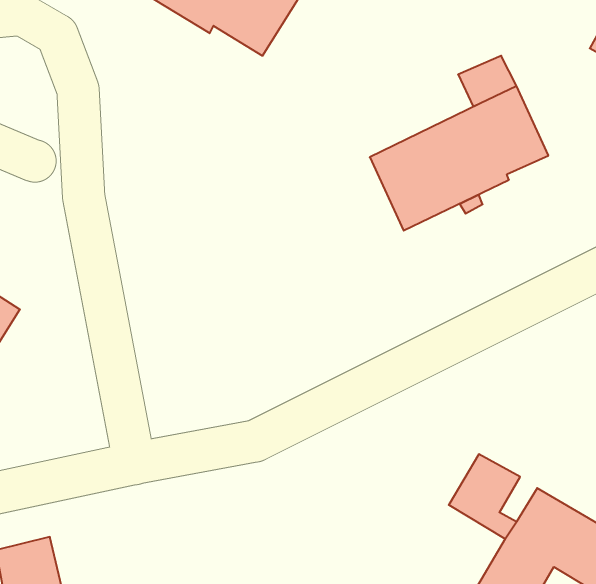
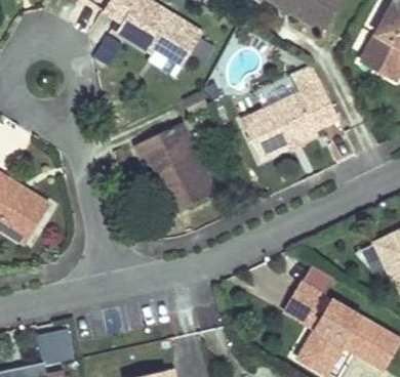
building: none -> [134,121,215,210]

